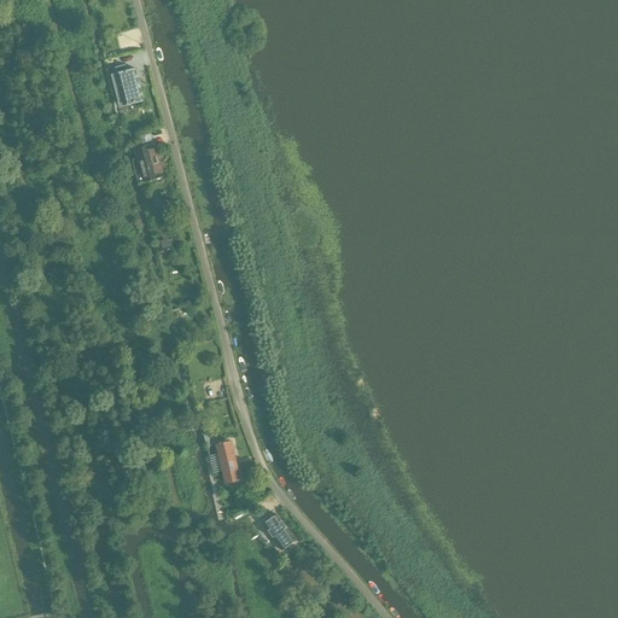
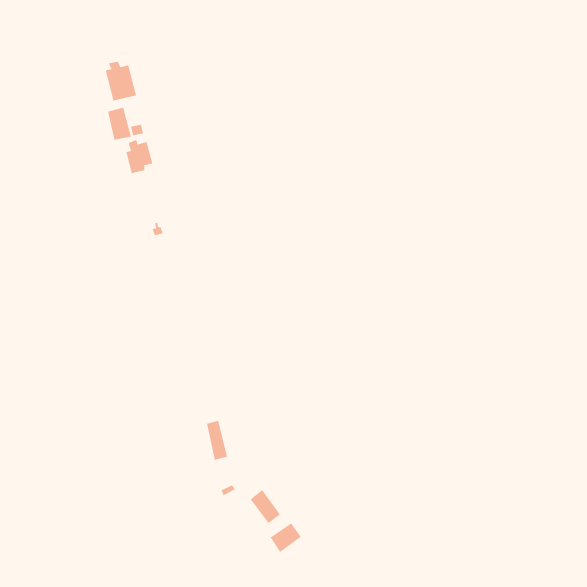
building: none -> [107,107,131,141]
building: none -> [270,523,302,553]

